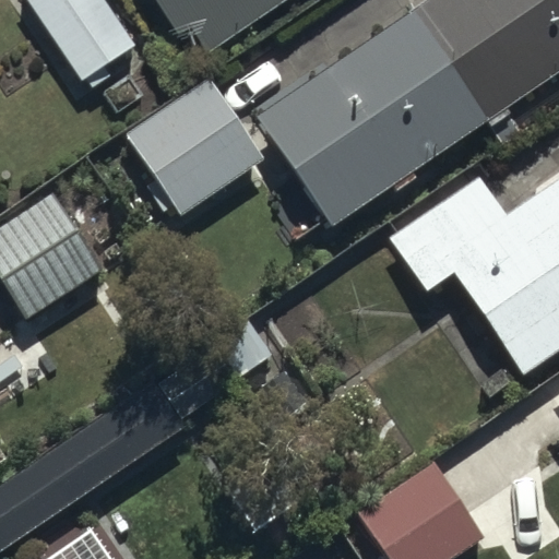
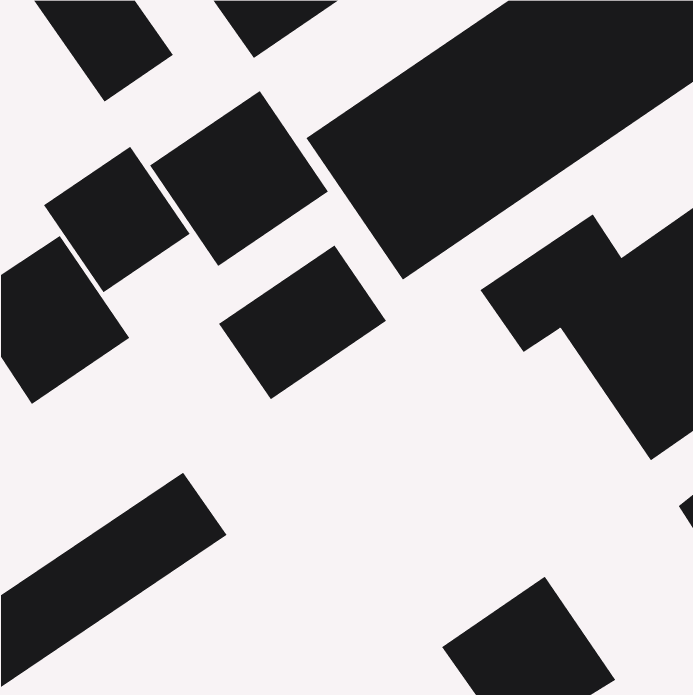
building: none -> [43,146,190,293]
building: none -> [218,245,387,400]

